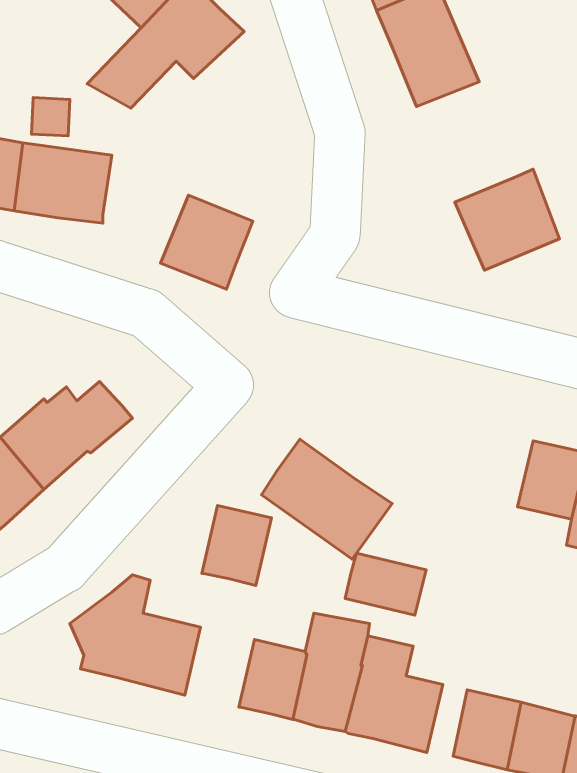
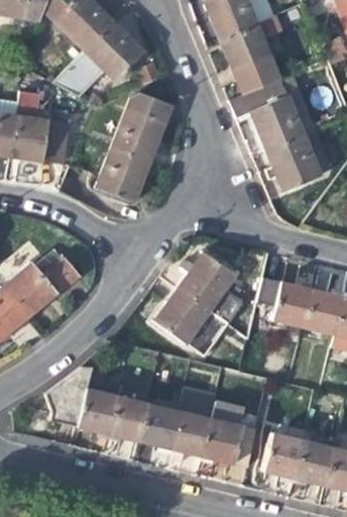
building: none -> [245,81,304,150]
building: none -> [113,91,174,162]
building: none -> [178,251,235,311]
building: none -> [271,281,313,327]
building: [202,506,272,586] -> [111,397,151,443]
building: [345,553,426,615] -> none

